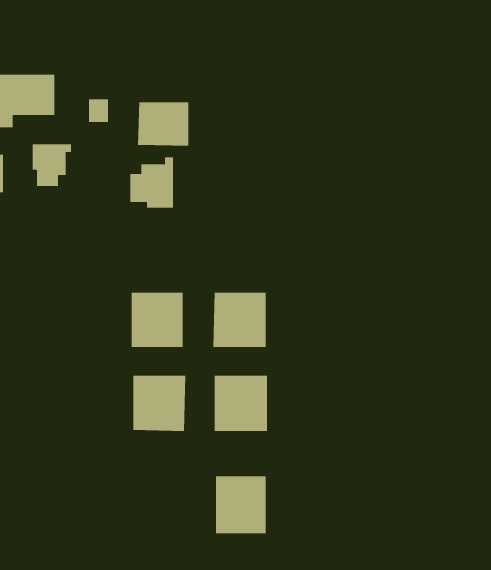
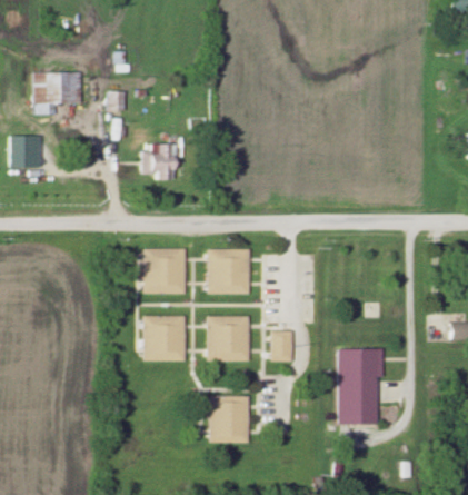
building: [138,101,189,146] -> none
building: [32,143,71,187] -> none
building: none -> [273,329,293,362]
building: none -> [337,347,381,425]

